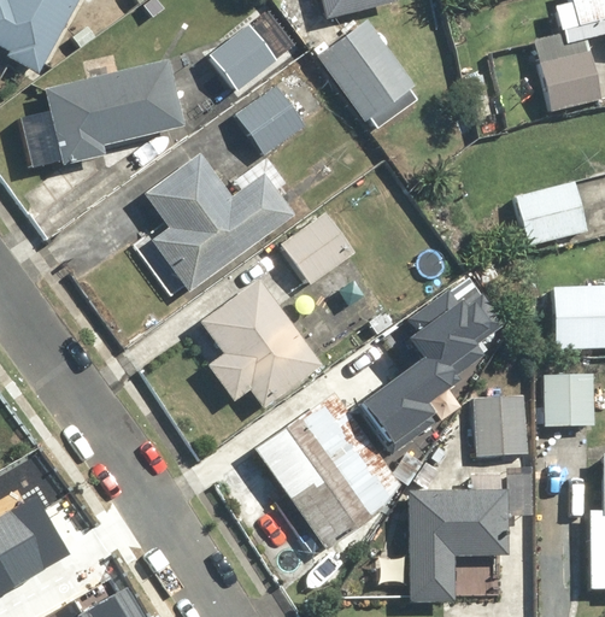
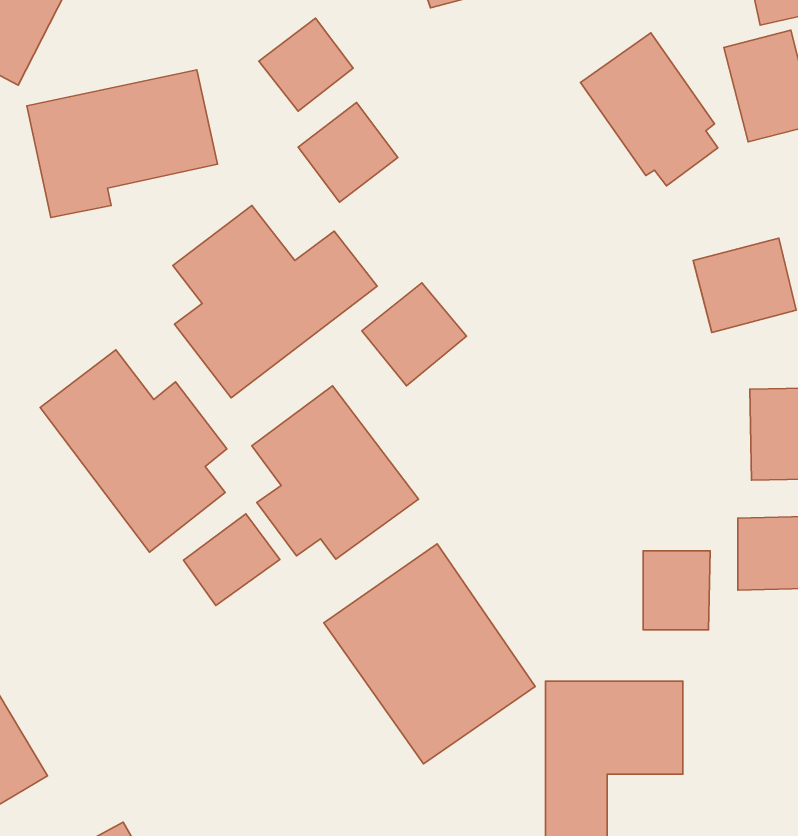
building: [319,20,416,128] -> [581,33,718,186]
building: none -> [40,350,227,552]
building: [357,275,500,446] -> none
building: none -> [184,514,280,606]

